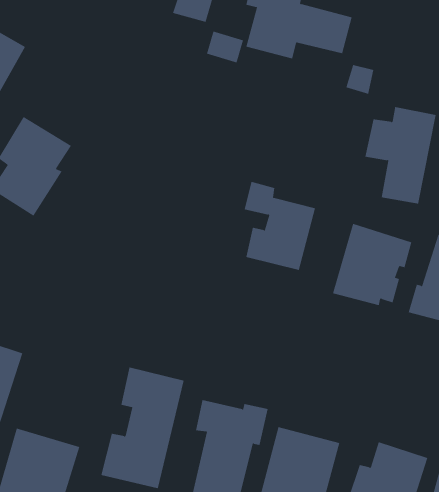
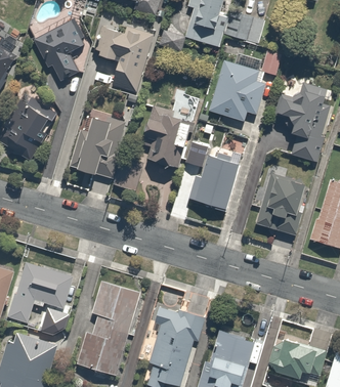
building: none -> [30,18,90,77]
building: none -> [95,22,152,89]
building: none -> [208,61,267,122]
building: none -> [144,106,194,172]
building: none -> [78,111,142,193]
building: none -> [9,257,74,321]
building: none -> [41,307,69,336]

